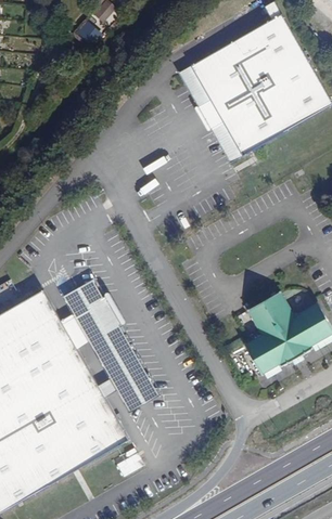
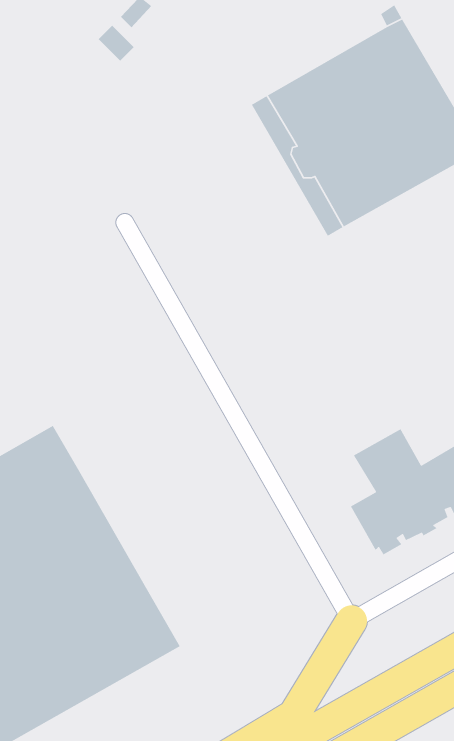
building: [61,277,162,413] -> none

